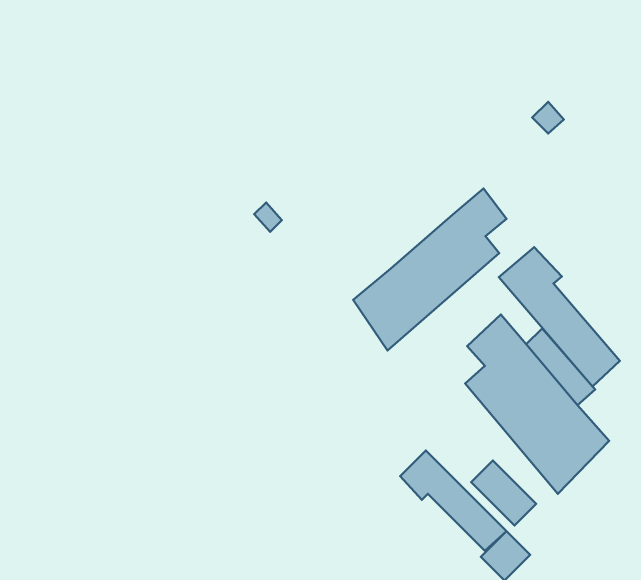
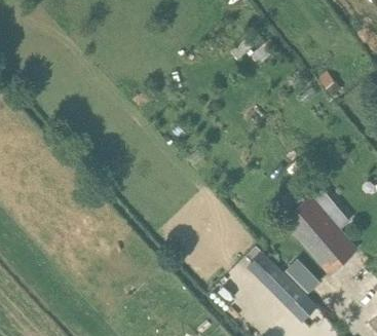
building: [353,189,506,351] -> none
building: [499,247,620,386] -> none

